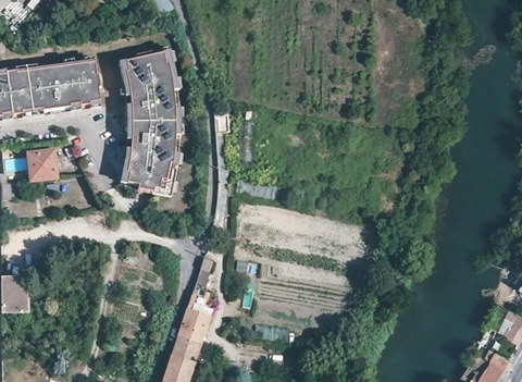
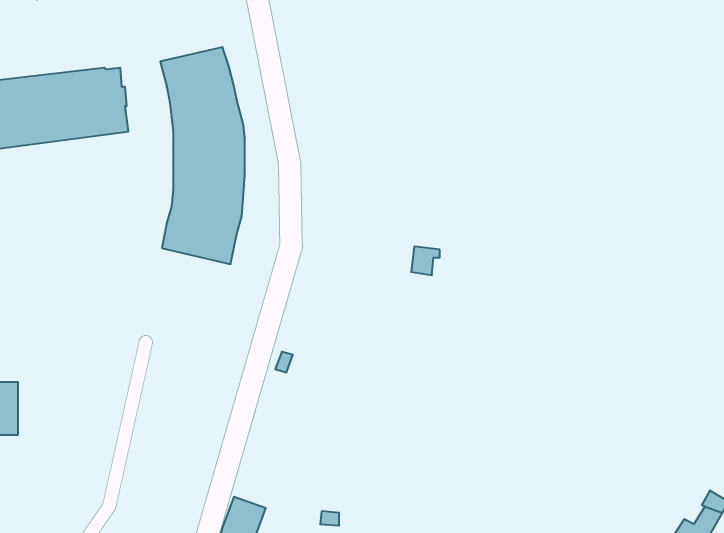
building: [27,149,54,180] -> none
building: [171,292,214,362] -> none

